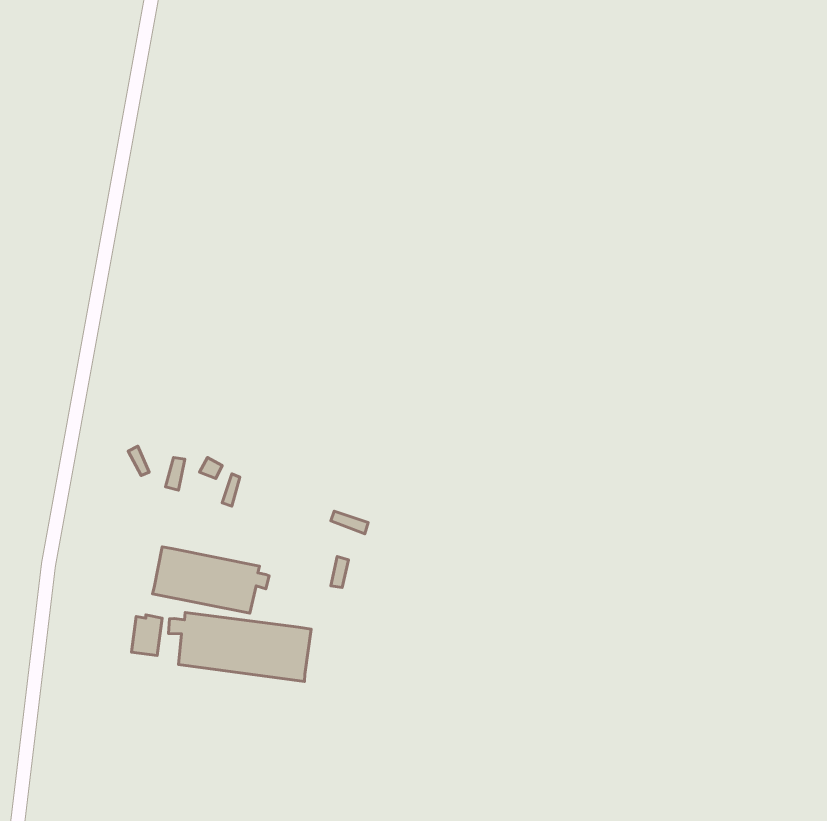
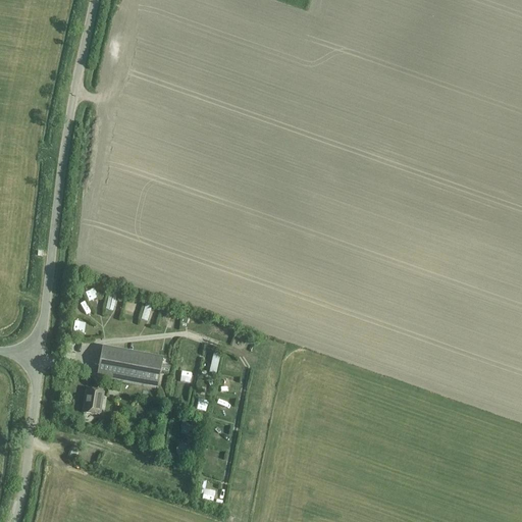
building: [168,613,311,681] -> none

